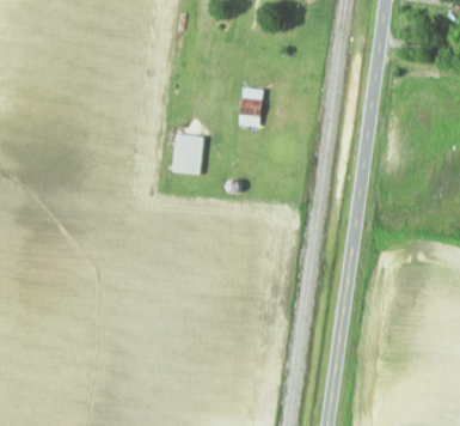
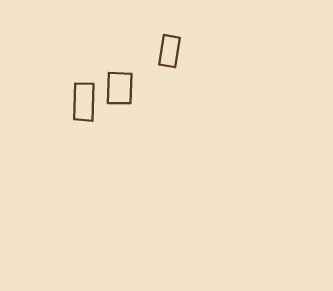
building: none -> [74,83,94,121]

